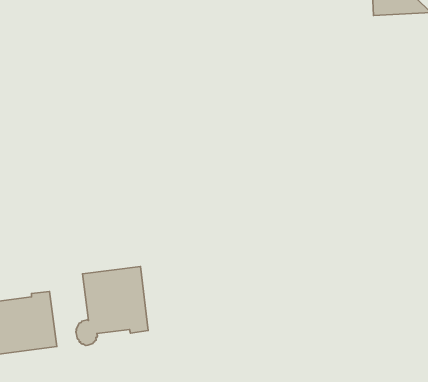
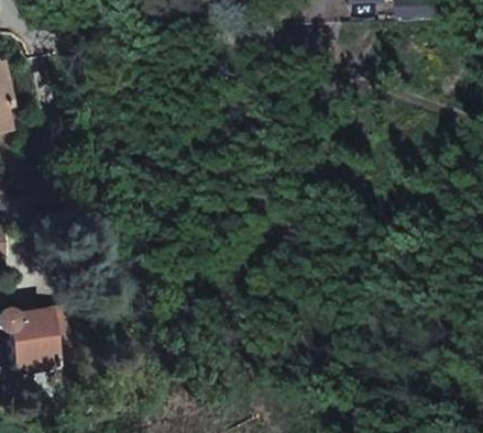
building: [76,266,148,346] -> none

